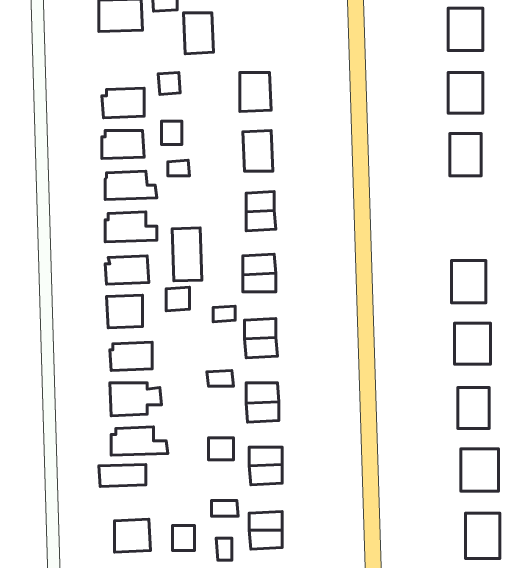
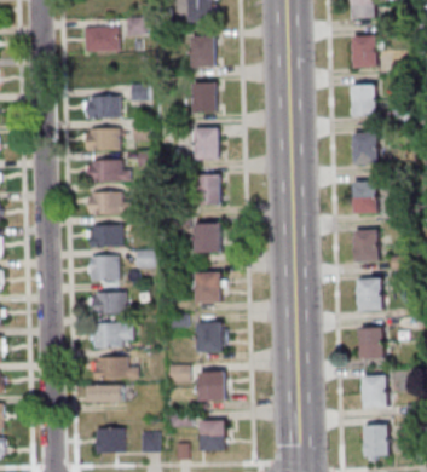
building: [184,13,213,54] -> [191,36,214,68]
building: none -> [353,182,382,213]
building: [172,228,202,281] -> none

